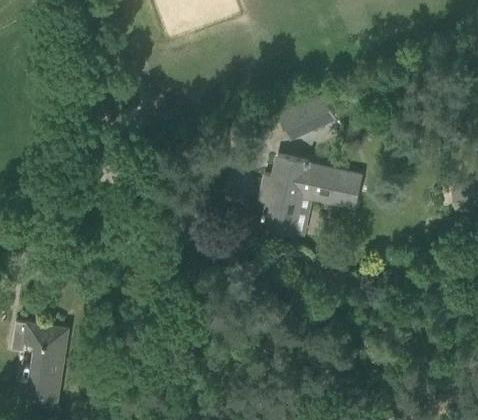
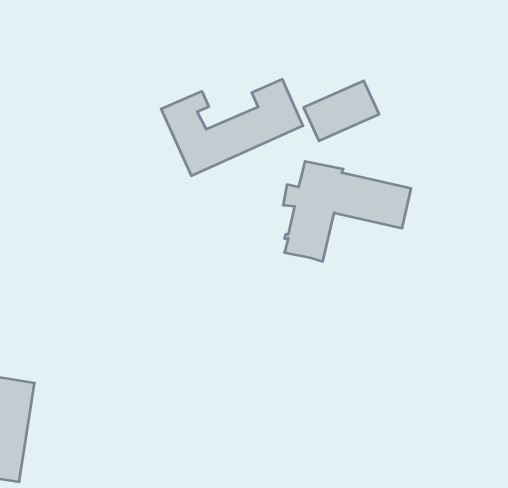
building: none -> [161,79,303,176]

